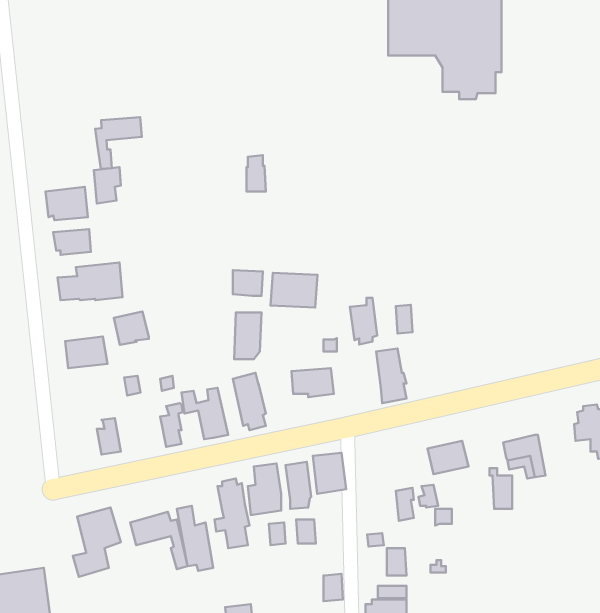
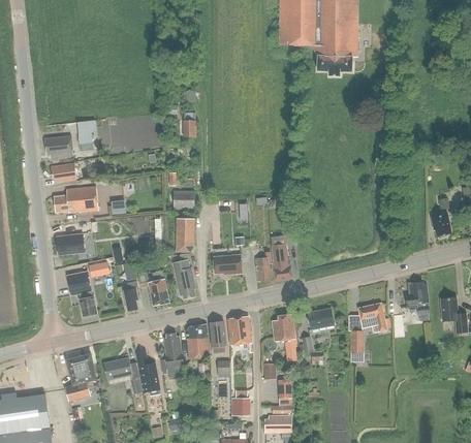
building: [95,117,142,169] -> none
building: [270,273,317,308] -> none
building: [350,298,377,345] -> [254,252,273,284]
building: [114,312,149,345] -> [68,273,92,295]
building: none -> [272,315,295,342]

